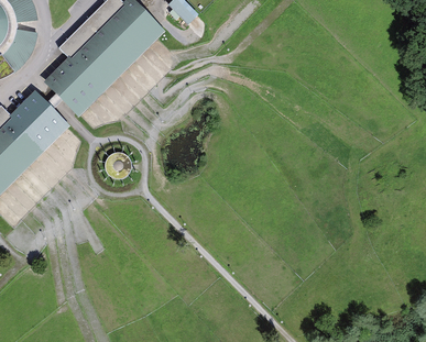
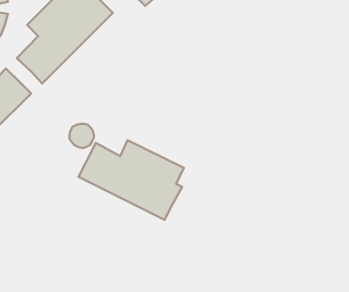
building: none -> [79,140,184,220]

